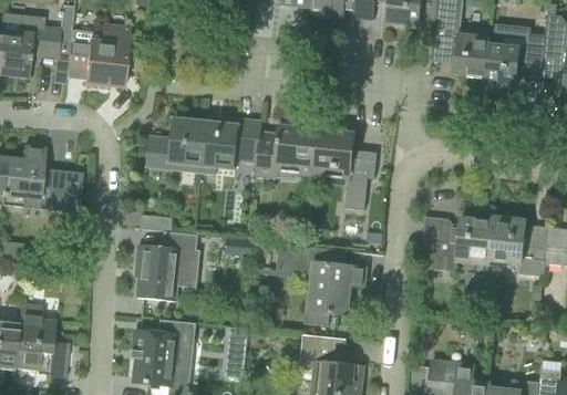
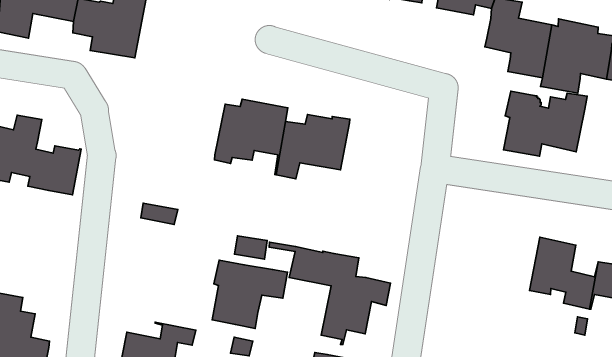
building: [146,117,207,169] -> none
building: [313,129,377,210] -> none
building: [423,214,494,271] -> [504,91,587,156]
building: [136,243,200,301] -> [212,260,287,328]

